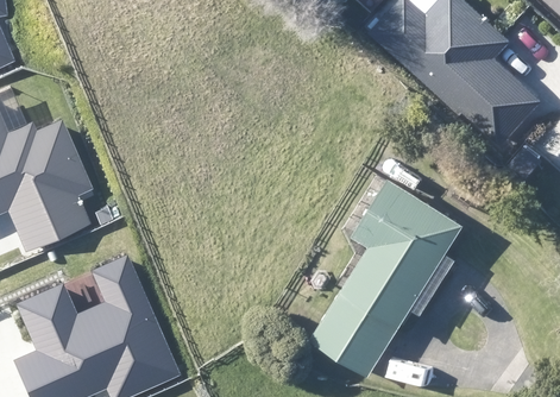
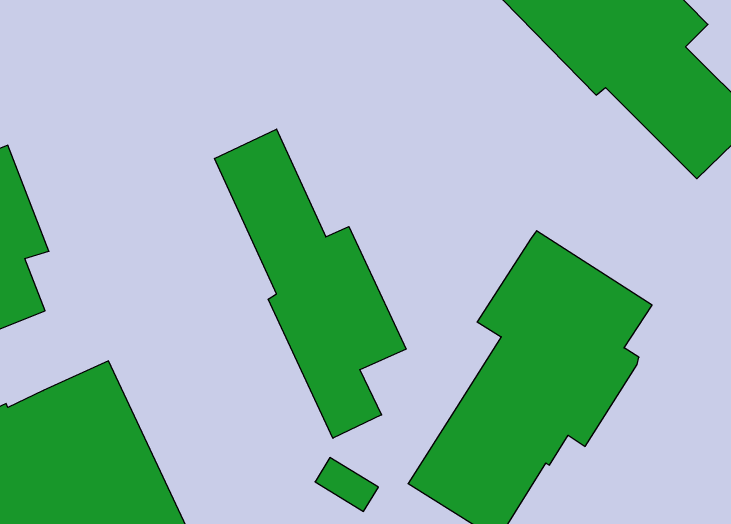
building: none -> [215,129,406,438]

